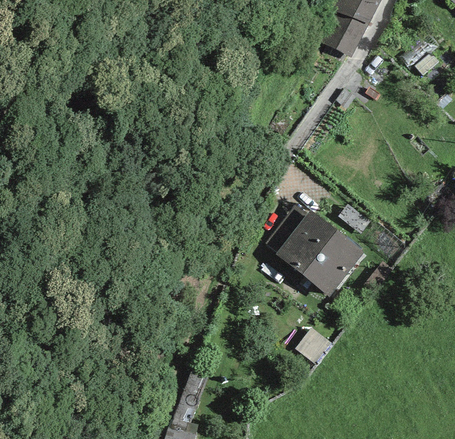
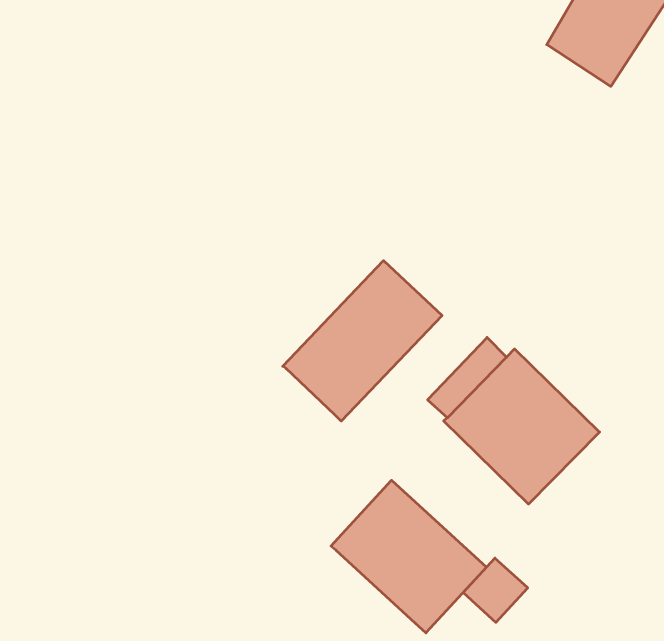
building: none -> [283,261,442,421]
building: none -> [331,480,486,633]

